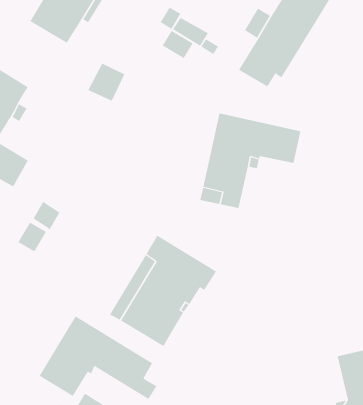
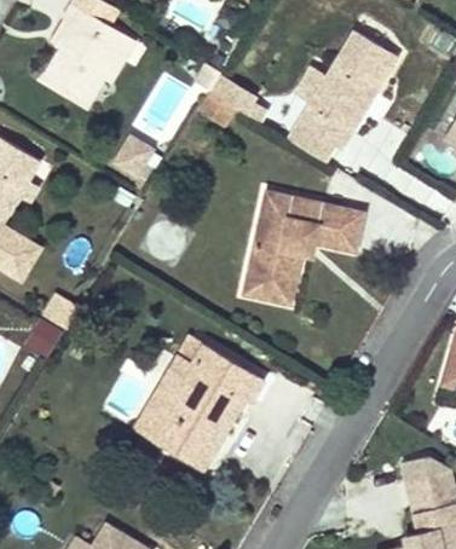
building: [39,316,157,400] -> none

